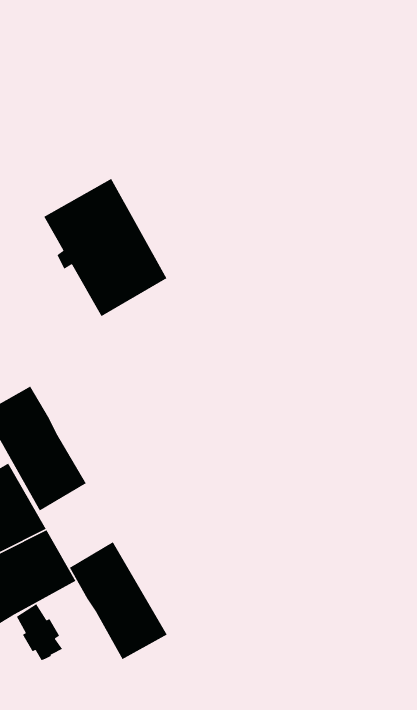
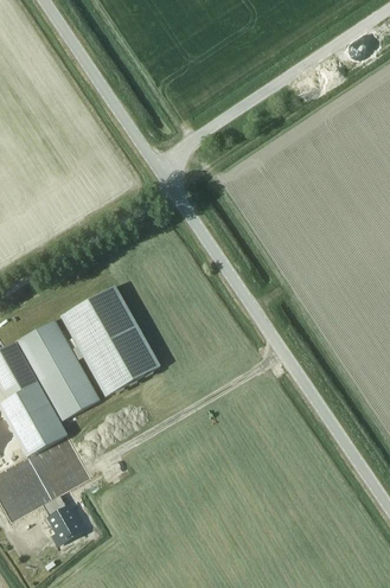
building: [43,178,168,317] -> [59,285,159,396]
building: [69,541,168,660] -> none

